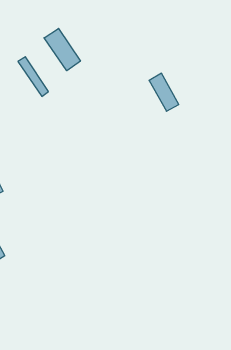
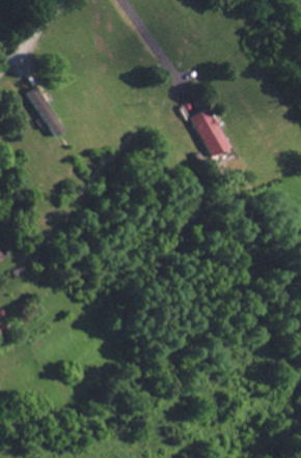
building: [44,28,80,71] -> none

